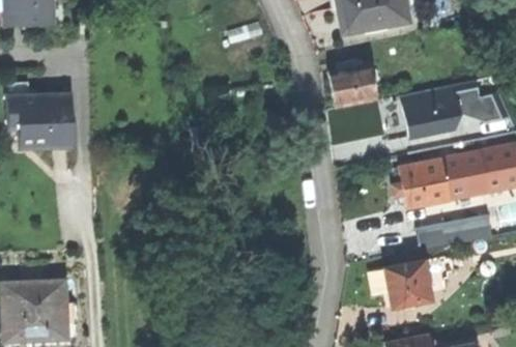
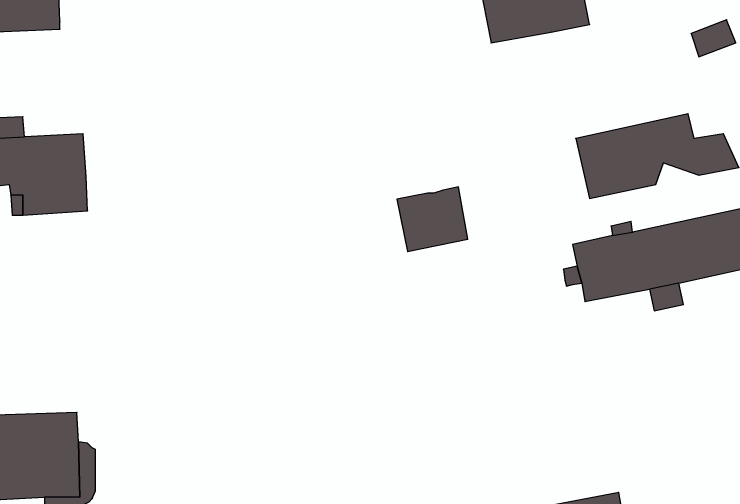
building: [327,63,375,107] -> [397,187,468,252]
building: [415,214,492,252] -> none
building: [384,257,448,307] -> none

